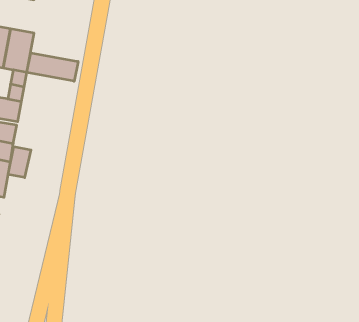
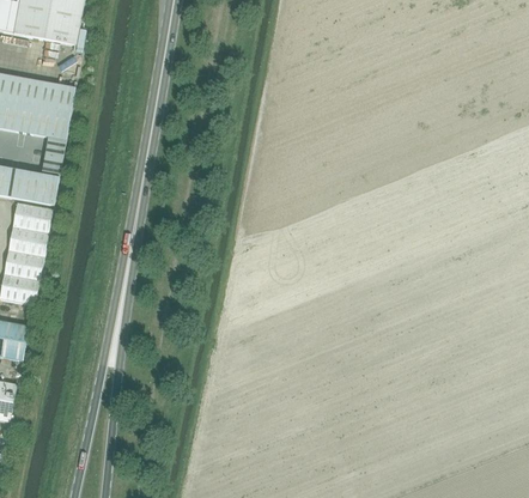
building: [27,53,78,81] -> none
building: [8,147,31,178] -> none

